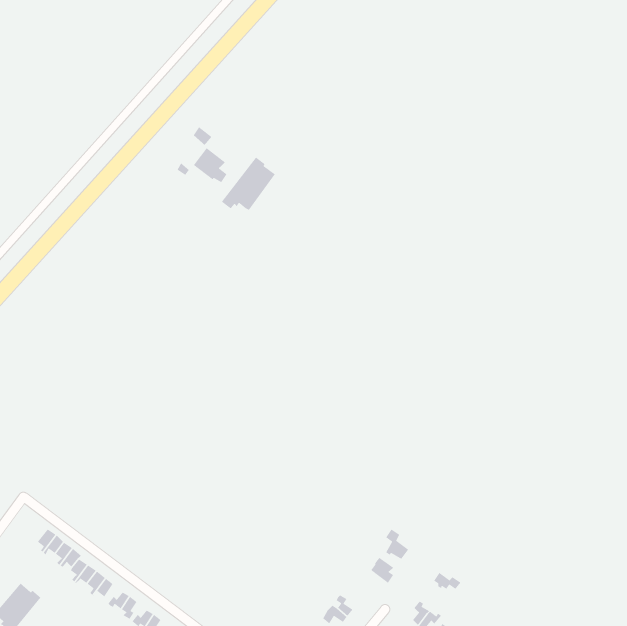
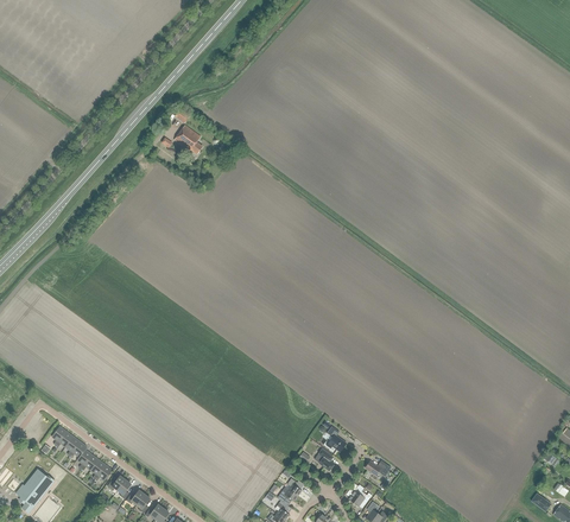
building: [221,156,276,211] -> none

